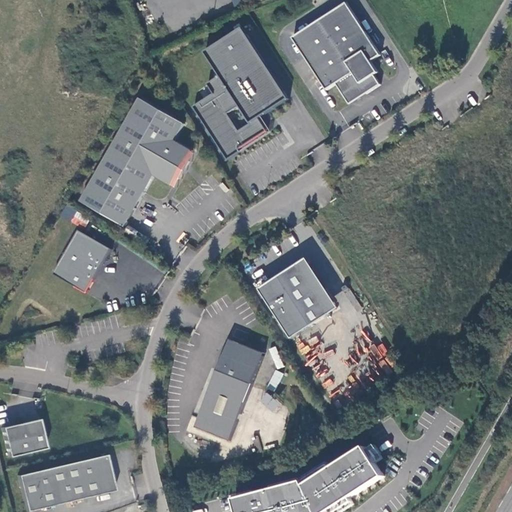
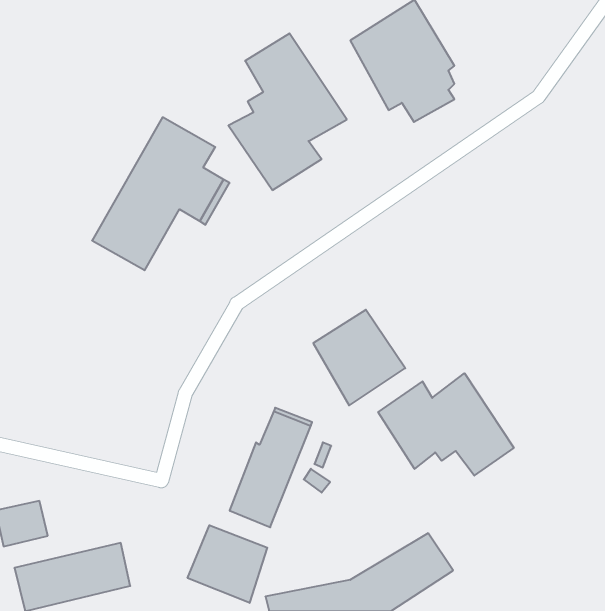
building: [50,230,109,293] -> none
building: none -> [378,373,514,476]
building: none -> [188,525,267,603]

